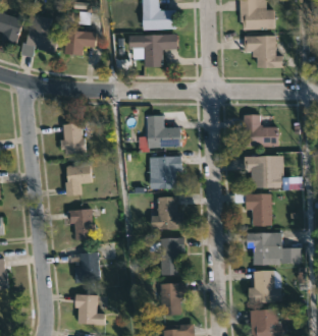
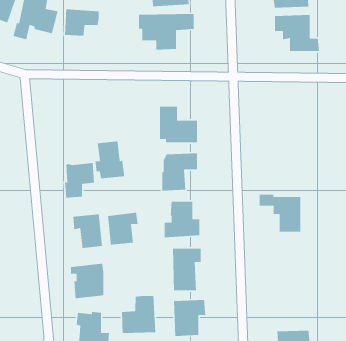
building: [246,115,281,145] -> none
building: [59,122,86,156] -> [95,140,125,179]
building: [244,156,282,188] -> none
building: none -> [107,212,139,246]
building: [250,232,303,264] -> none
building: [248,270,281,303] -> none
building: none -> [121,295,156,334]

